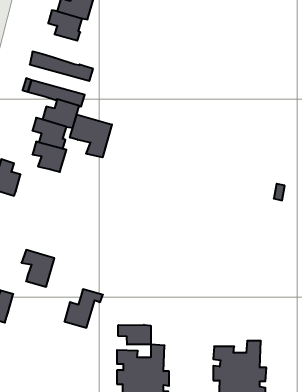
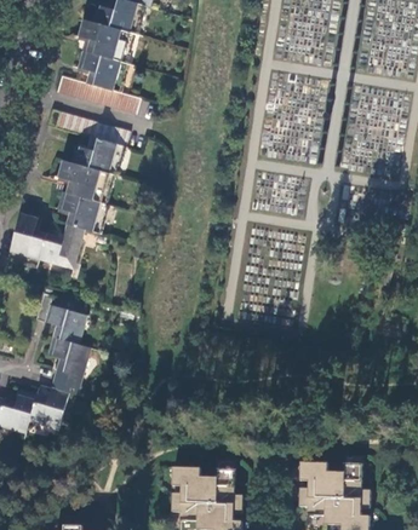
building: none -> [80,50,124,91]
building: [70,114,112,157] -> none
building: none -> [38,224,82,269]
building: none -> [34,290,85,342]
building: [64,289,103,328] -> [27,376,78,427]
building: [118,325,151,345] -> none

